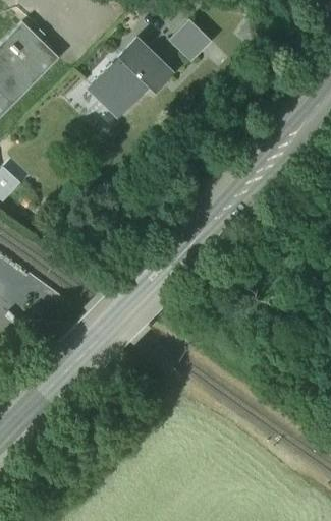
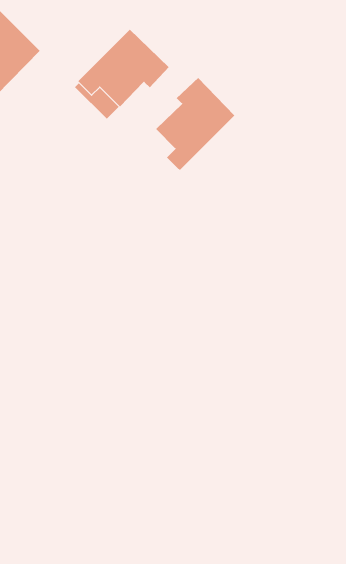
building: [169,19,211,61] -> none
building: none -> [156,77,235,171]

